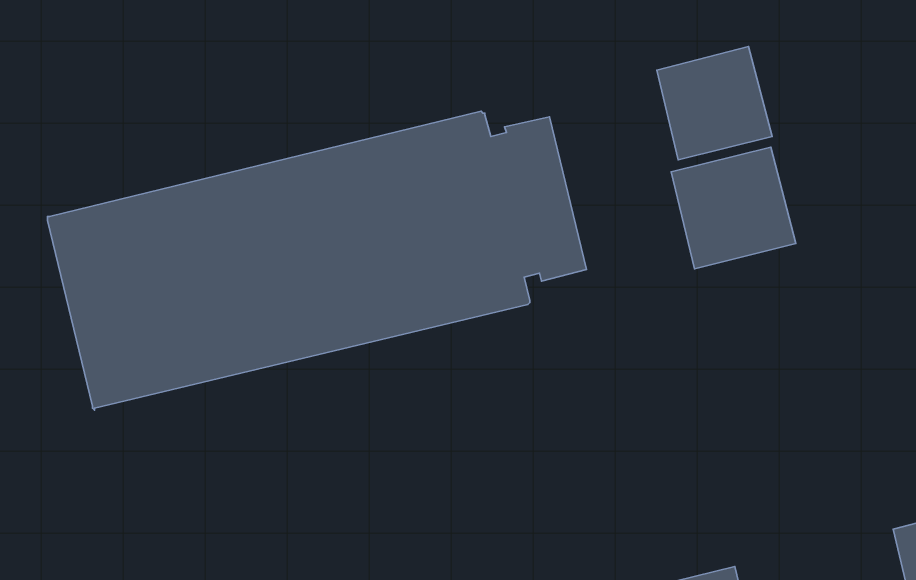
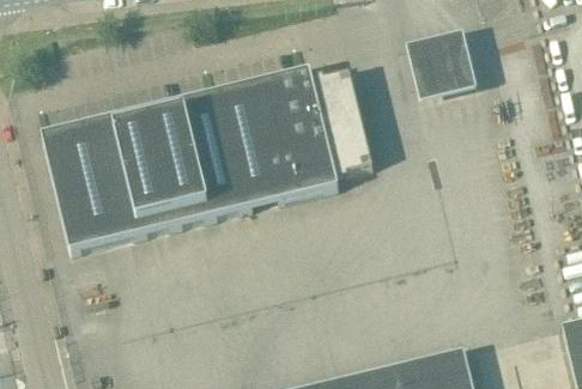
building: [671,147,796,269] -> none

